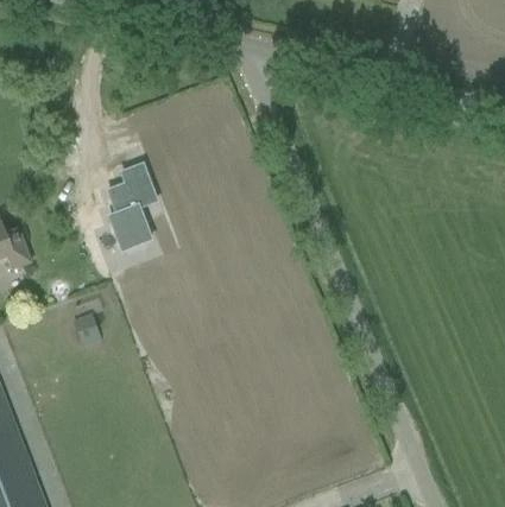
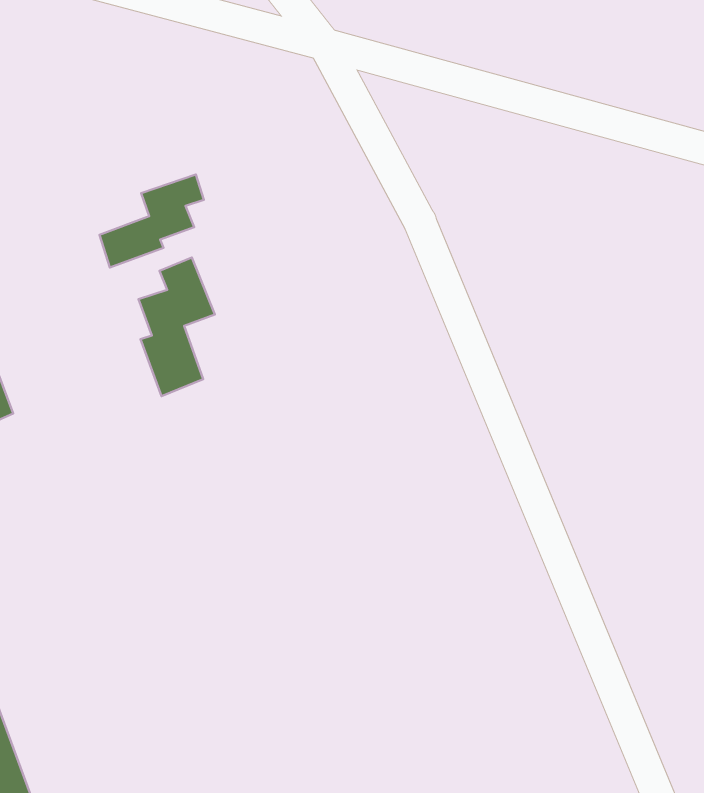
building: none -> [99,174,204,268]

